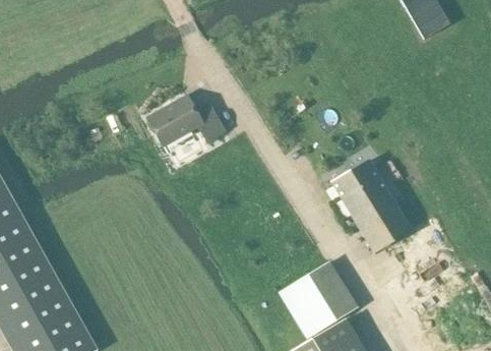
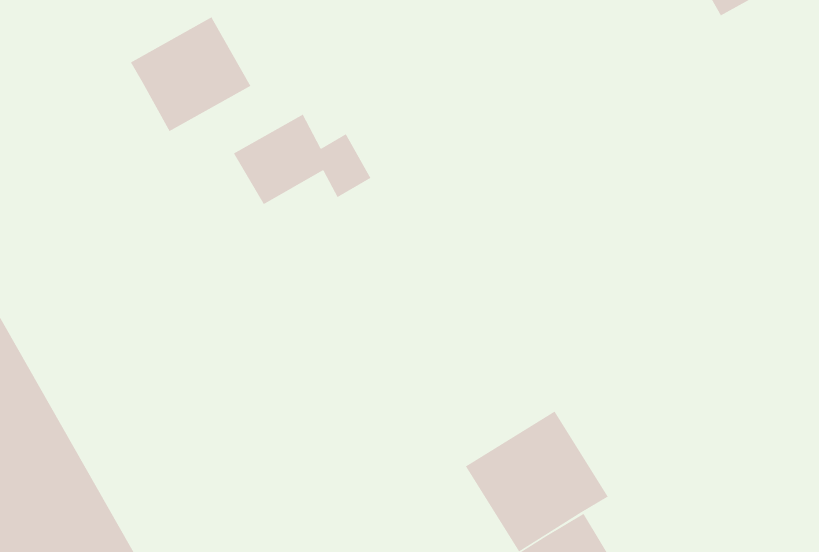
building: none -> [130,16,251,132]
building: [332,158,413,251] -> none

